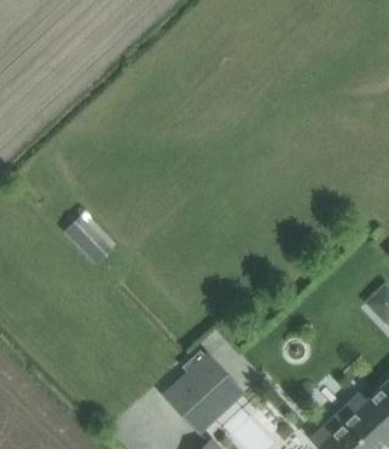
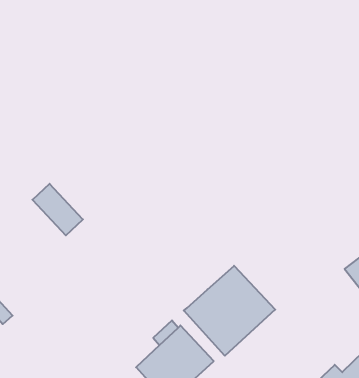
building: none -> [184,266,275,356]

